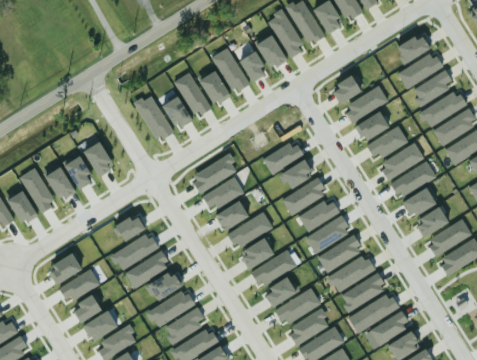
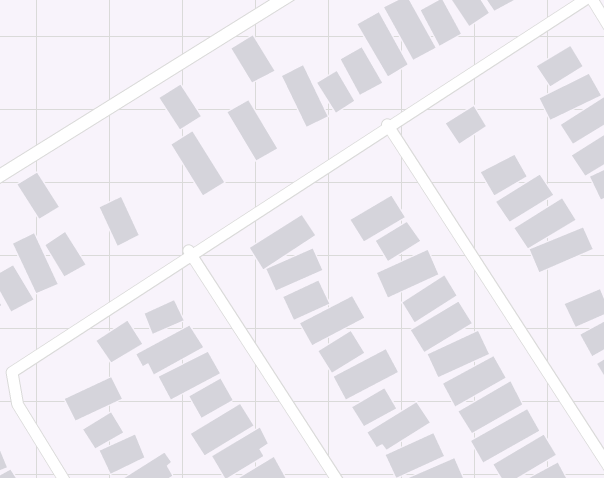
building: [199,70,231,105] -> [231,34,275,83]
building: [344,87,389,122] -> none
building: [162,96,193,129] -> [158,84,202,130]
building: [63,156,94,190] -> [16,172,60,219]
building: [402,187,436,217] -> none
building: [48,252,82,283] -> [96,320,143,363]

